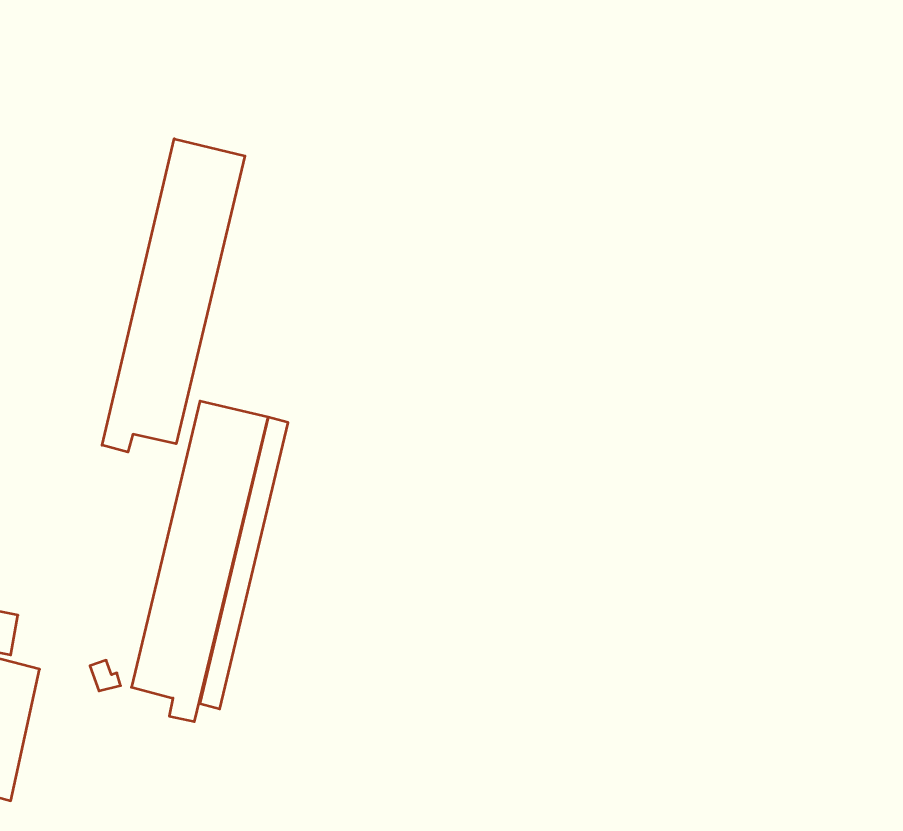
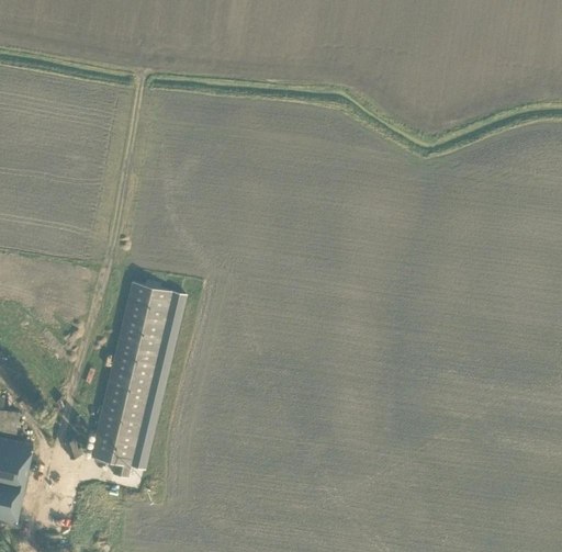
building: [102,139,245,452] -> none

